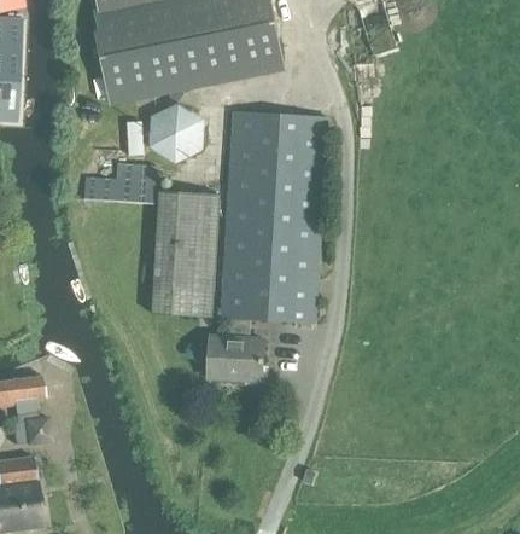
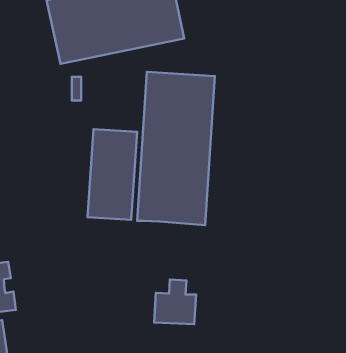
building: [150,105,205,155] -> none
building: [84,162,156,204] -> none
building: [206,318,264,379] -> [154,280,196,324]

